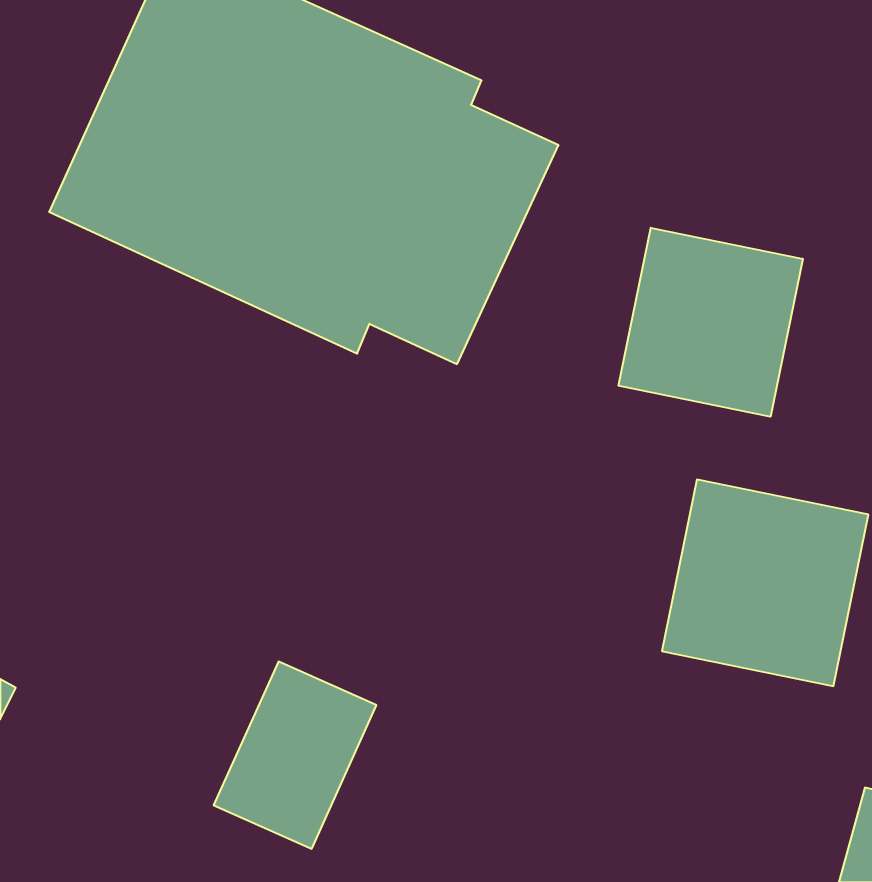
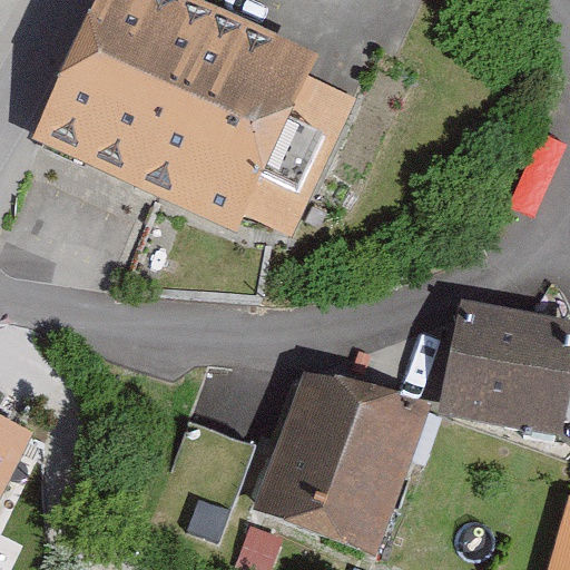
building: [619,228,803,417] -> none
building: none -> [253,376,414,556]

